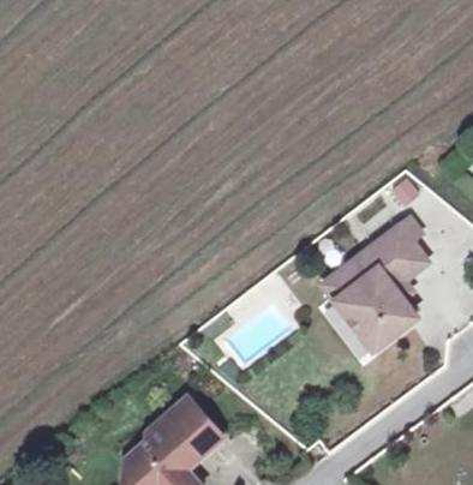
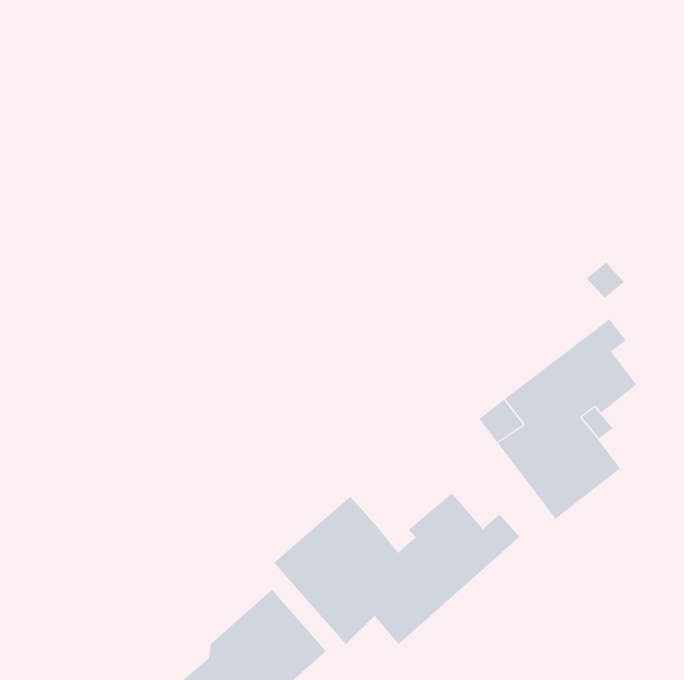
building: none -> [273,492,520,645]

